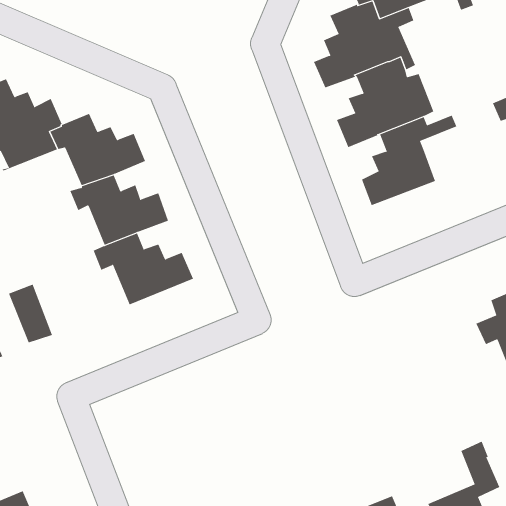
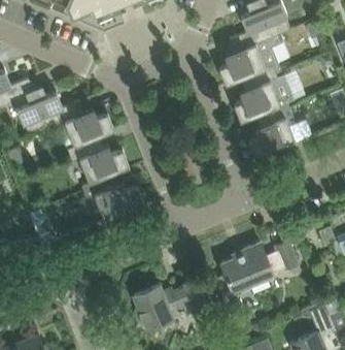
building: none -> [214,241,301,315]
building: none -> [134,279,212,328]

